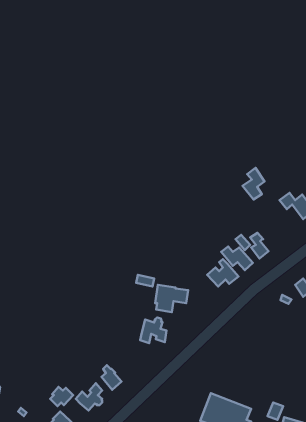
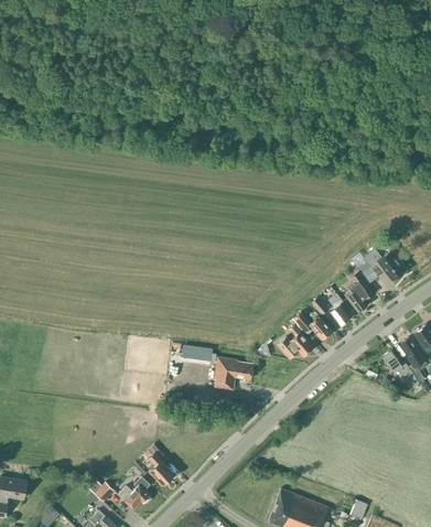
building: [243,168,265,200] -> [345,270,371,309]
building: [140,318,167,343] -> none

